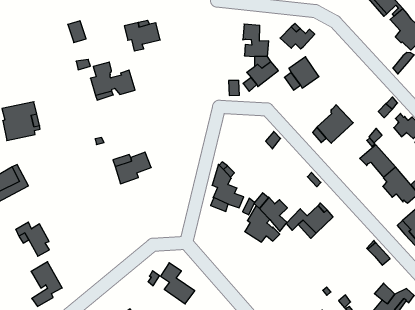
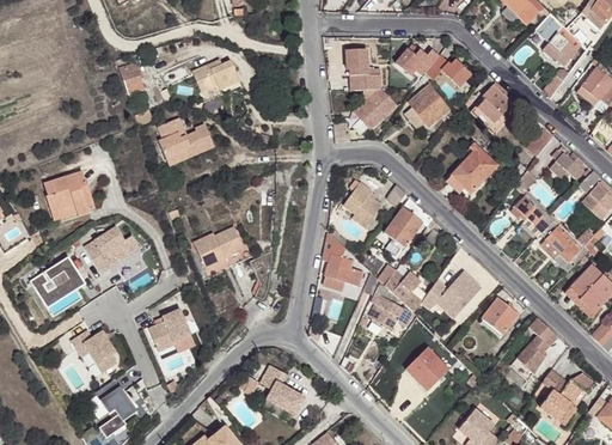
building: none -> [426,55,471,89]
building: none -> [472,81,516,132]
building: none -> [343,181,381,228]
building: none -> [384,199,433,249]
building: none -> [85,224,140,269]
building: none -> [149,305,192,348]
building: none -> [479,299,519,340]
building: none -> [510,336,549,382]
building: none -> [405,348,449,392]

